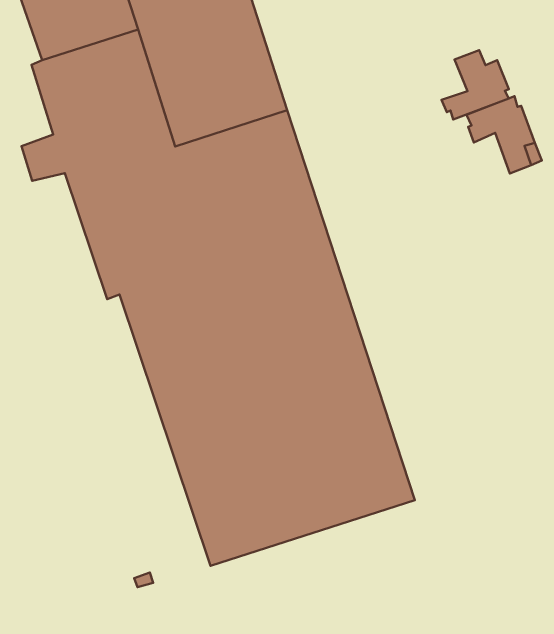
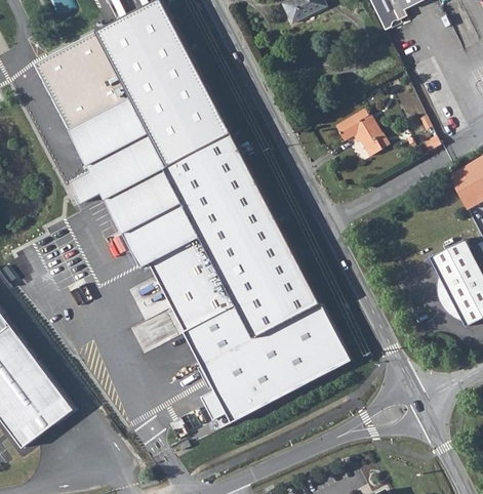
building: [442,50,509,119] -> none

